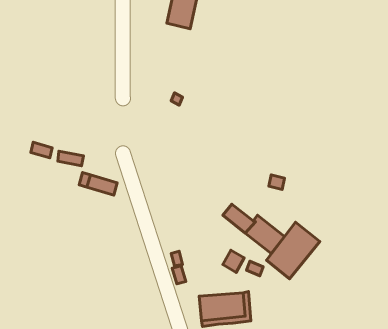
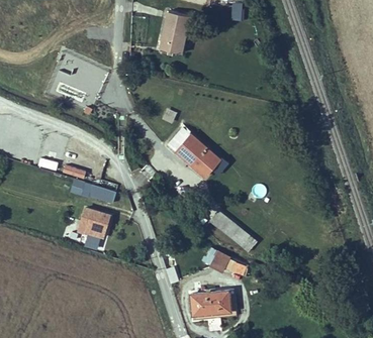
building: none -> [167,127,219,174]
building: none -> [77,208,110,237]
building: [266,222,320,279] -> none

